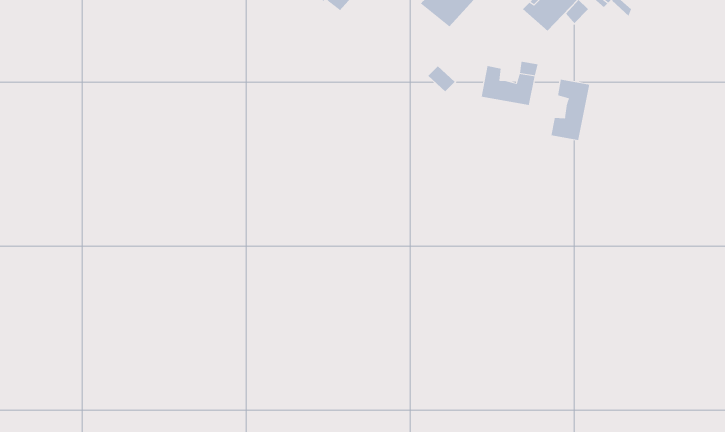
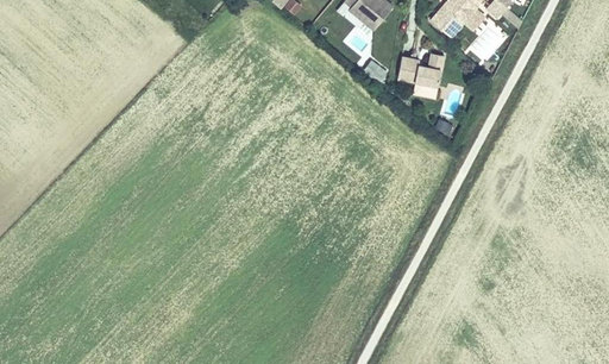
building: [551,79,590,141] -> none

